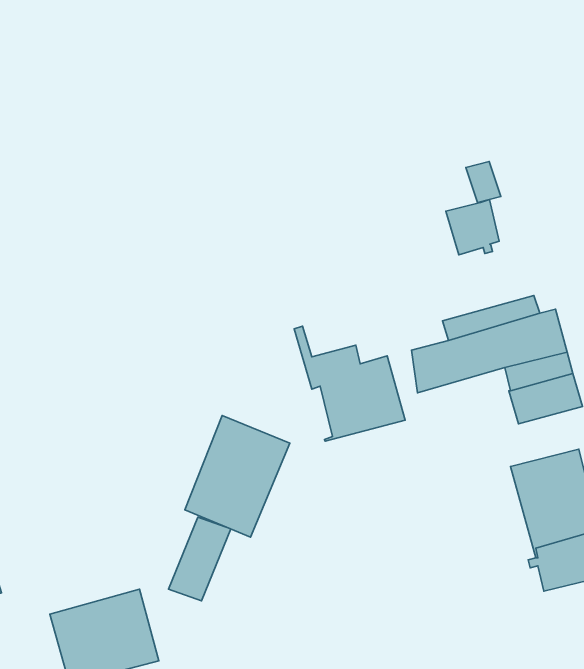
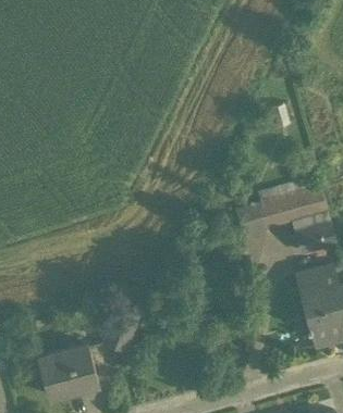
building: [446,199,499,255] -> none
building: [294,326,405,441] -> none
building: [185,416,290,537] -> none

